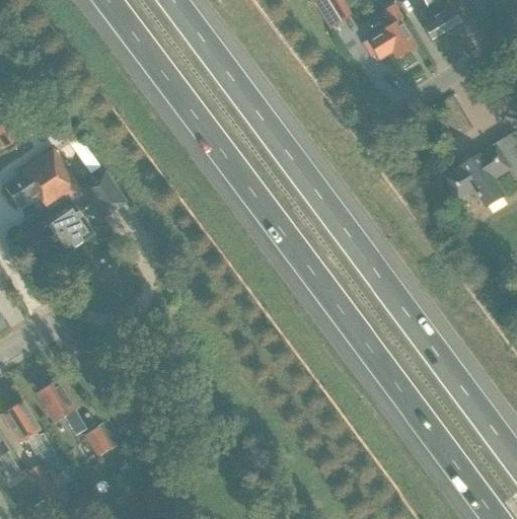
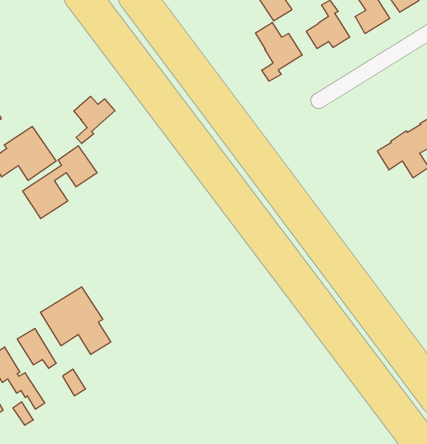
building: none -> [255,22,302,81]
building: none -> [74,96,115,144]
building: none -> [40,287,111,354]

